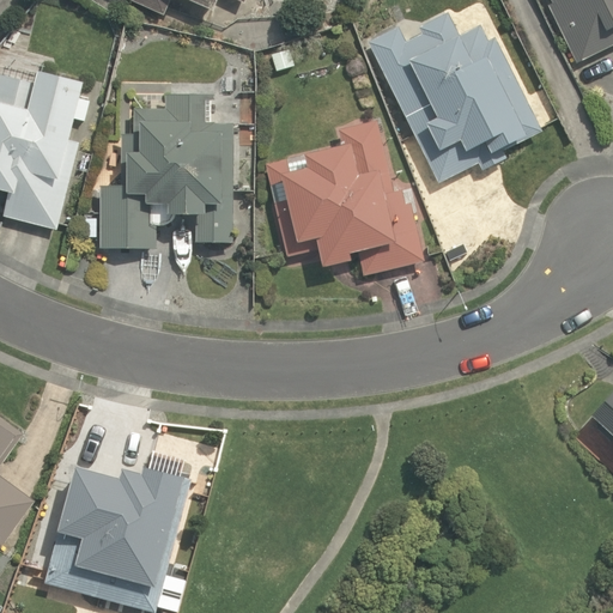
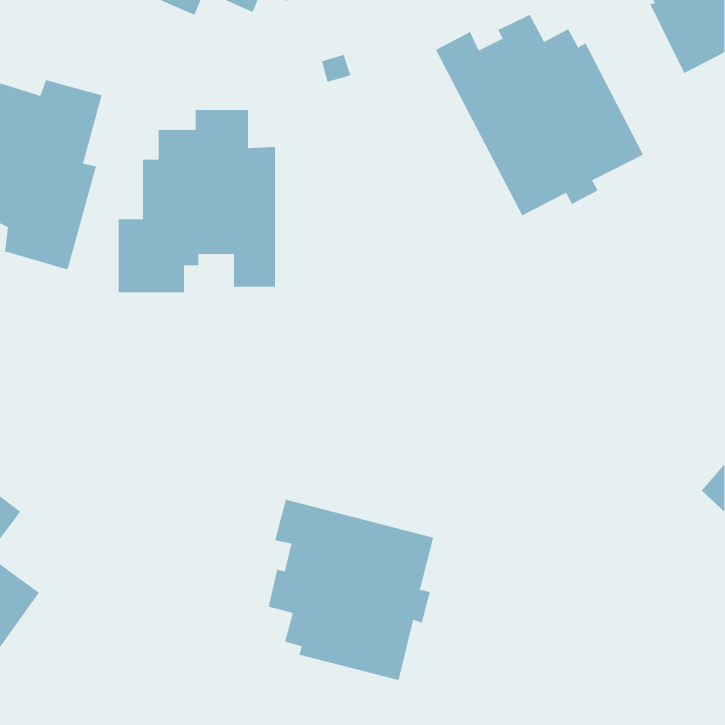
building: [265,120,423,273] -> none
building: none -> [268,499,434,681]
building: [49,471,184,606] -> none

